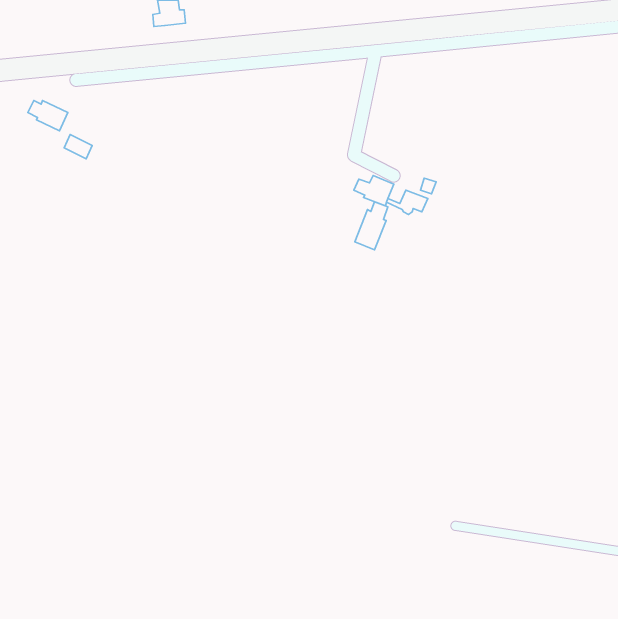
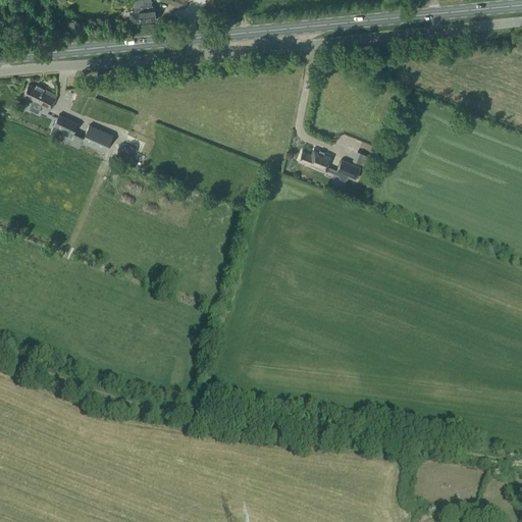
building: none -> [83,124,113,151]
building: [355,202,388,250] -> none

